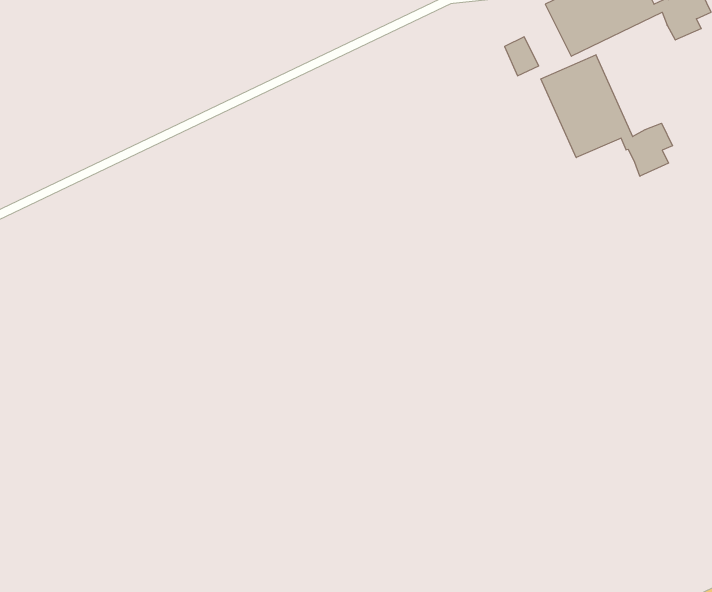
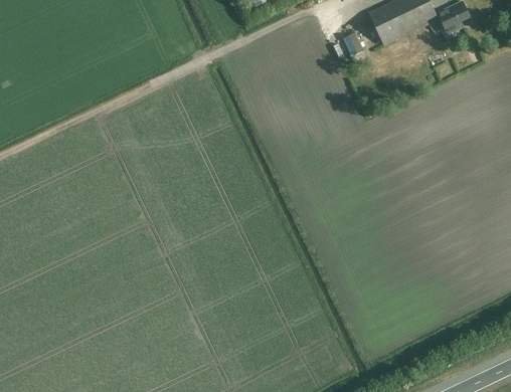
building: [541,55,673,176] -> none

